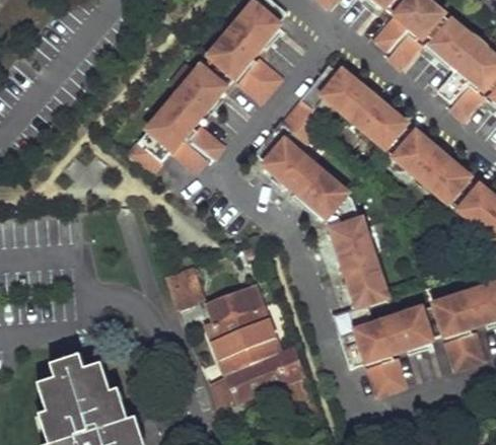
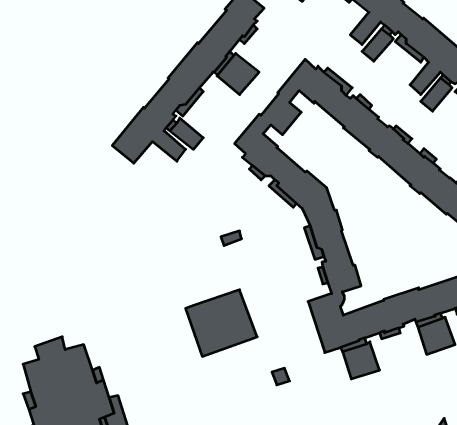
building: [168,264,204,304] -> none
building: [207,282,262,318] -> none
building: [223,346,305,401] -> none

